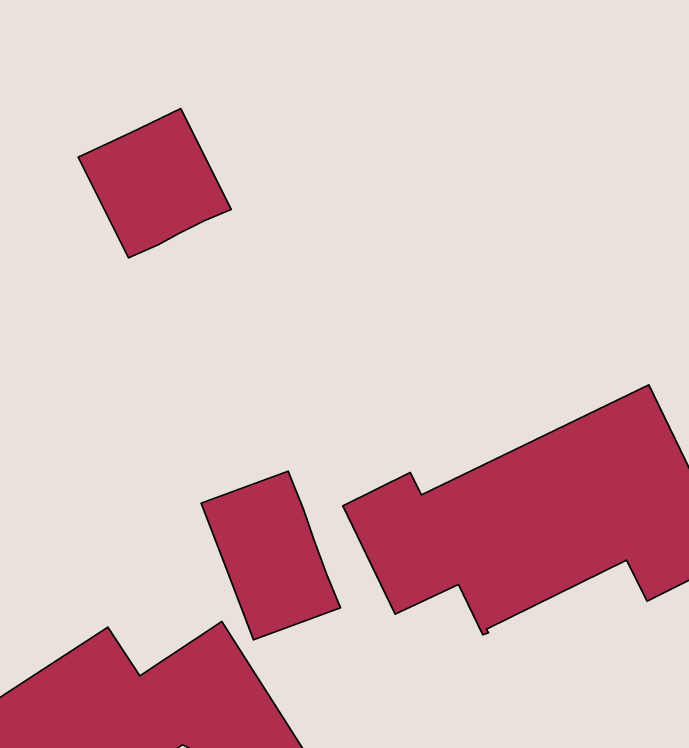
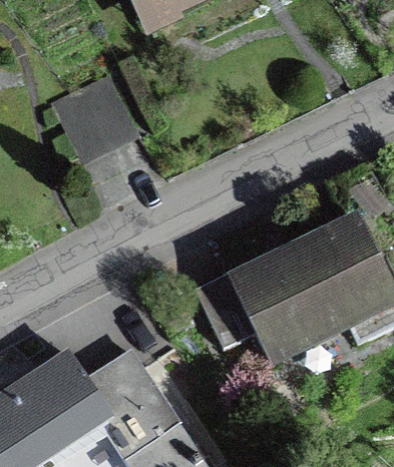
building: [201,471,340,640] -> none

